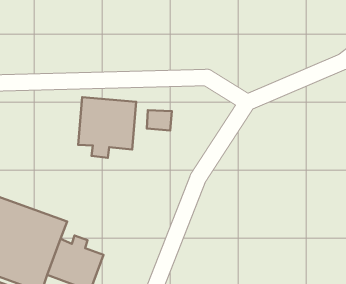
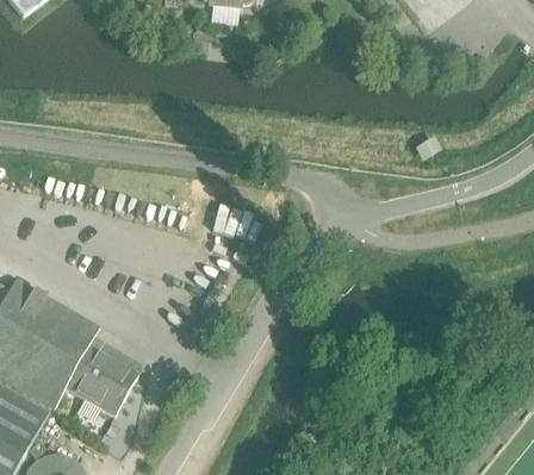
building: [78,97,136,158] -> none

